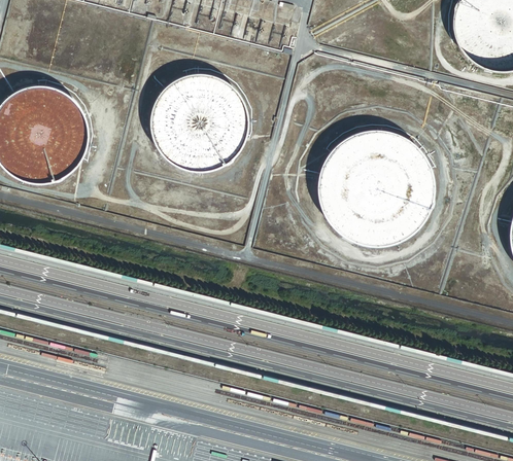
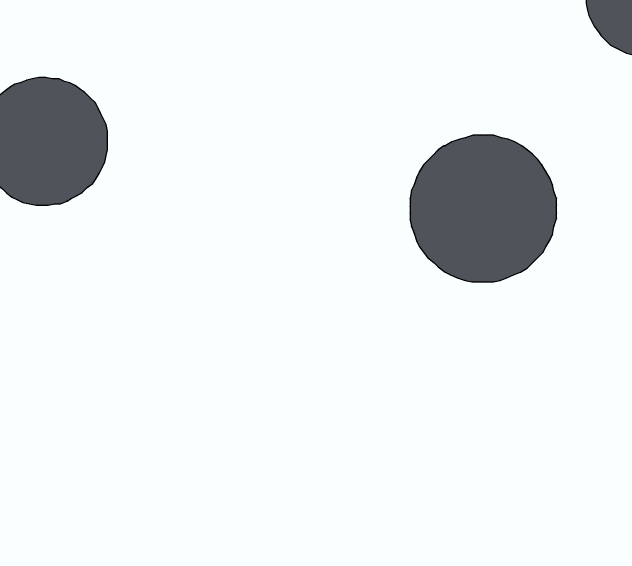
building: [149,72,248,171] -> none

